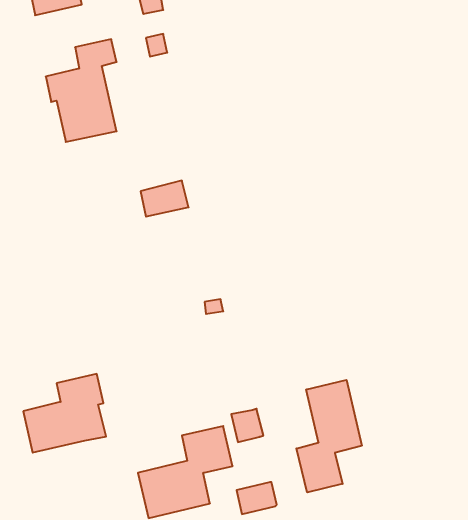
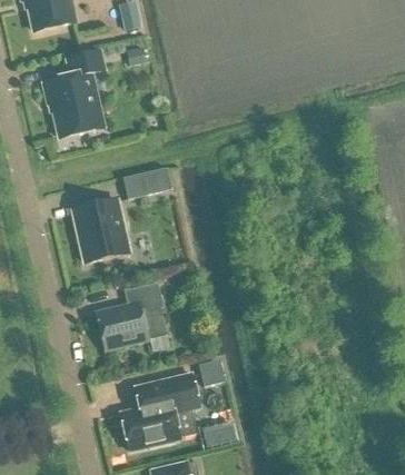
building: none -> [72,198,127,261]
building: [23,374,106,453] -> [96,281,165,347]
building: [296,380,362,492] -> none

